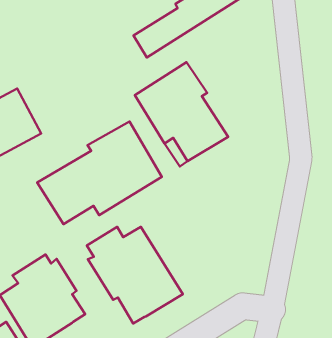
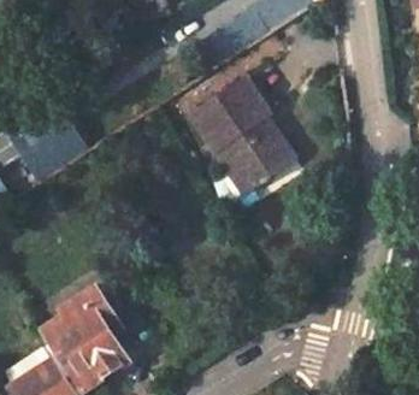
building: [37,121,162,224] -> none
building: [87,227,183,324] -> none

